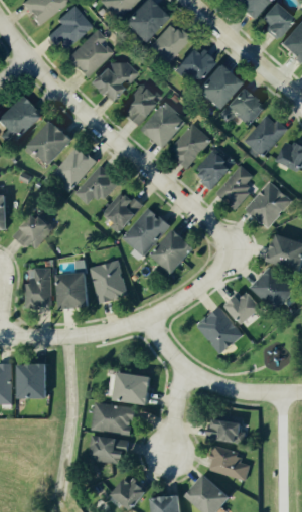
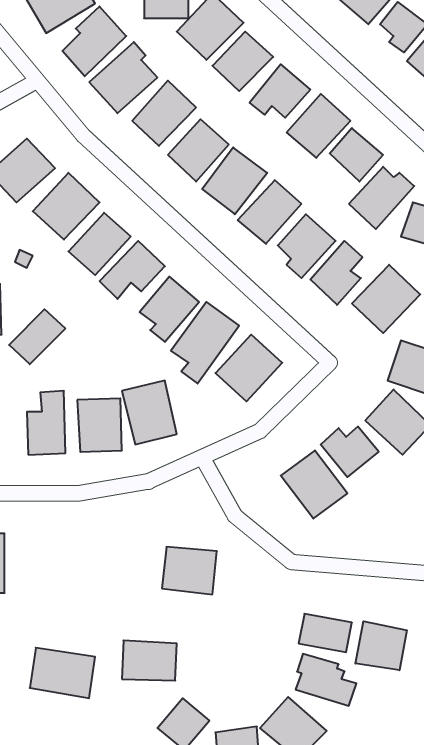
building: [19,363,49,397] -> none
building: [91,401,135,436] -> [30,648,95,698]
building: none -> [355,621,407,670]

